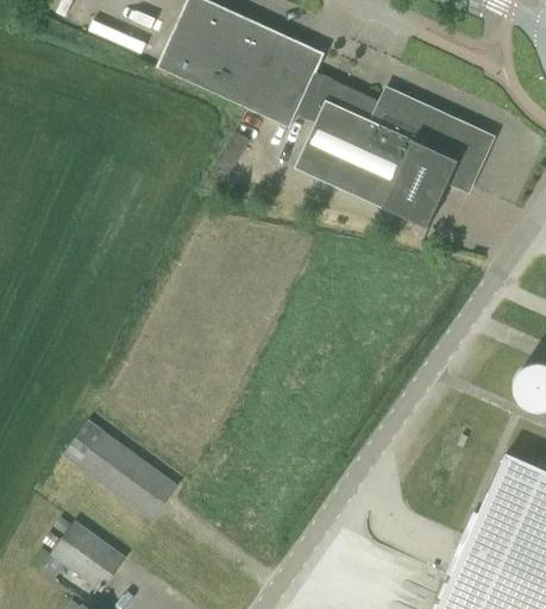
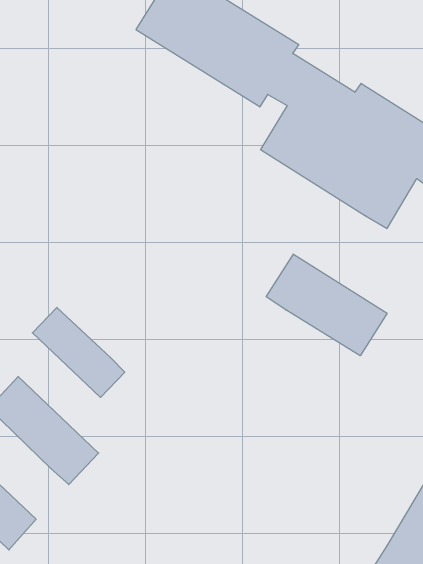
building: none -> [266,254,387,356]
building: none -> [32,307,125,397]

